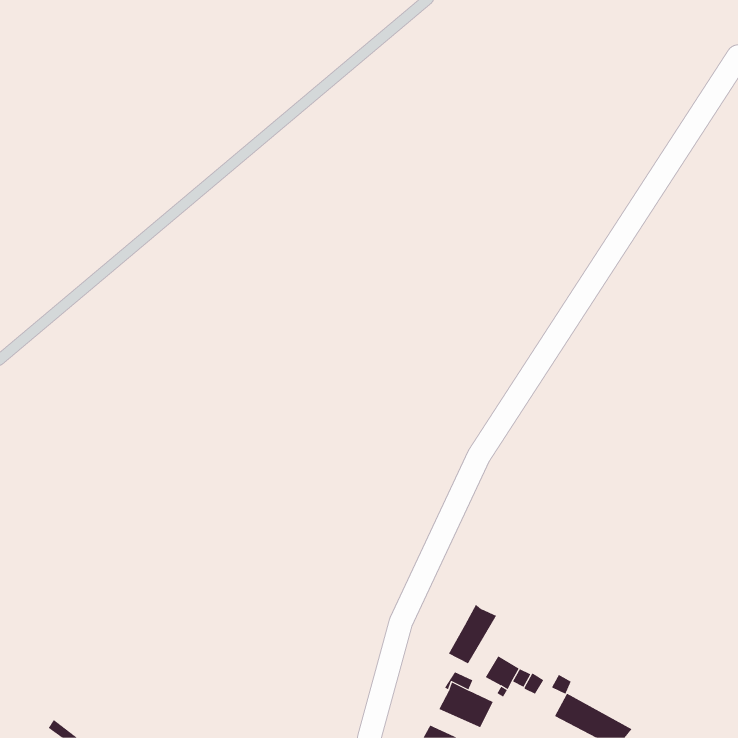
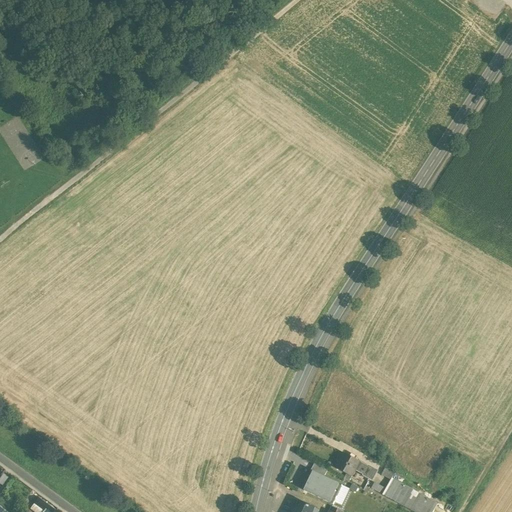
building: [448,604,497,664] -> none

